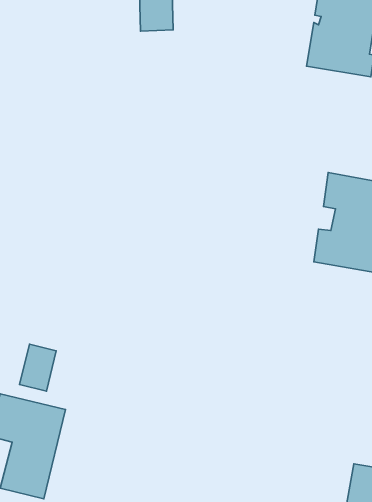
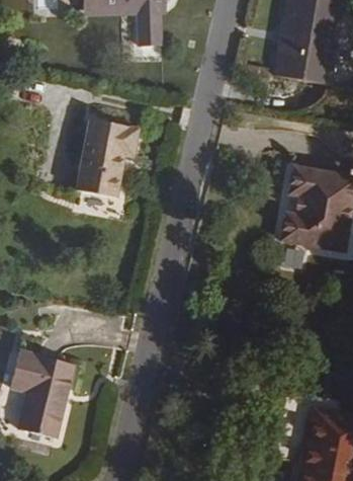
building: none -> [77,118,138,196]
building: [20,344,56,391] -> none

